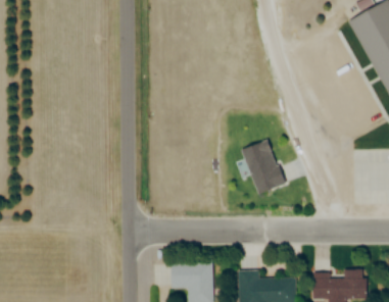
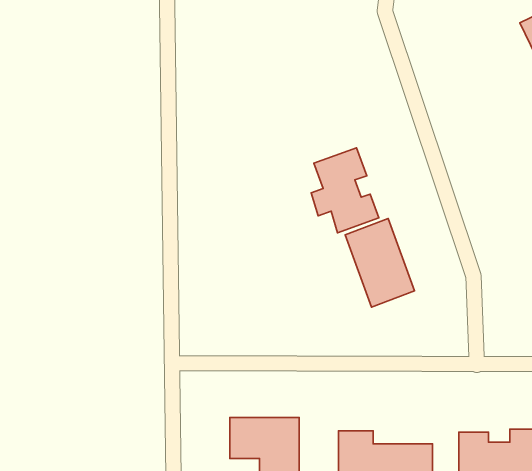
building: none -> [311,148,379,233]

